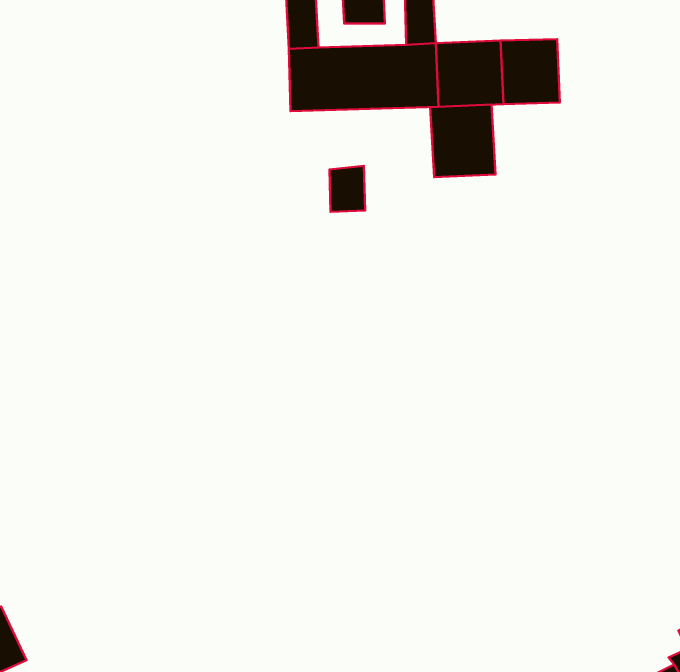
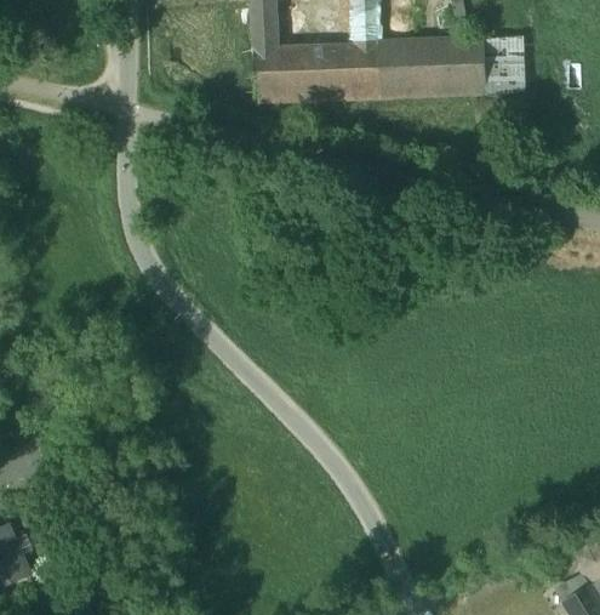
building: none -> [484,36,522,93]
building: [430,105,496,177] -> none
building: [329,166,365,212] -> none

